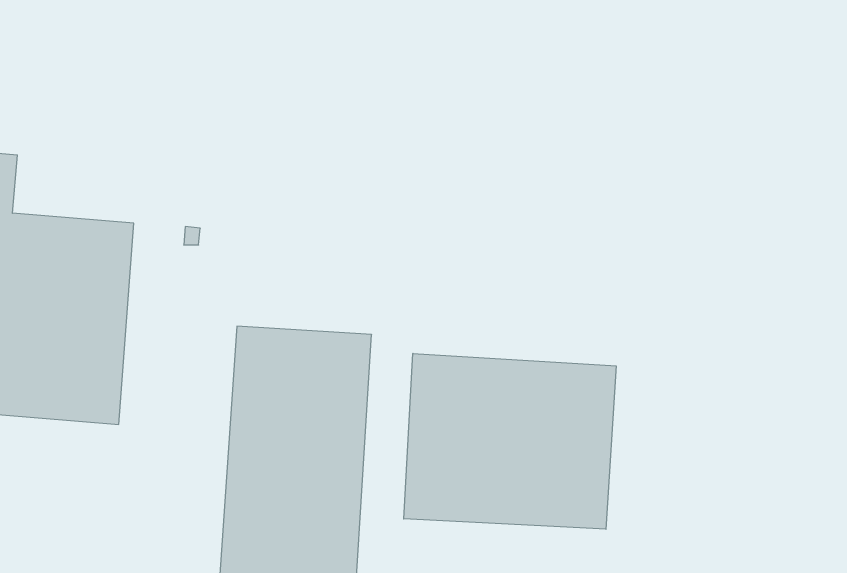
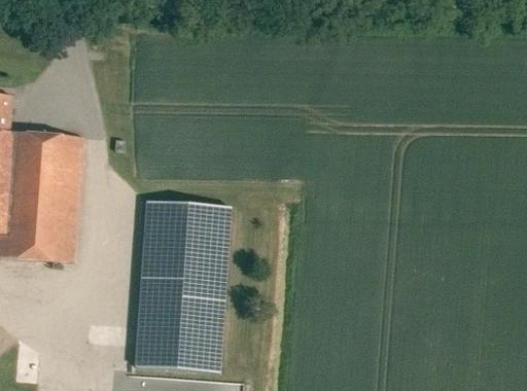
building: [404,353,616,529] -> none

